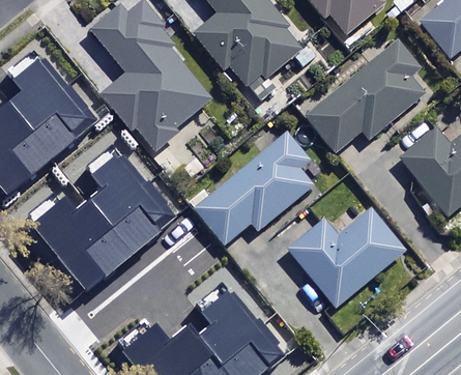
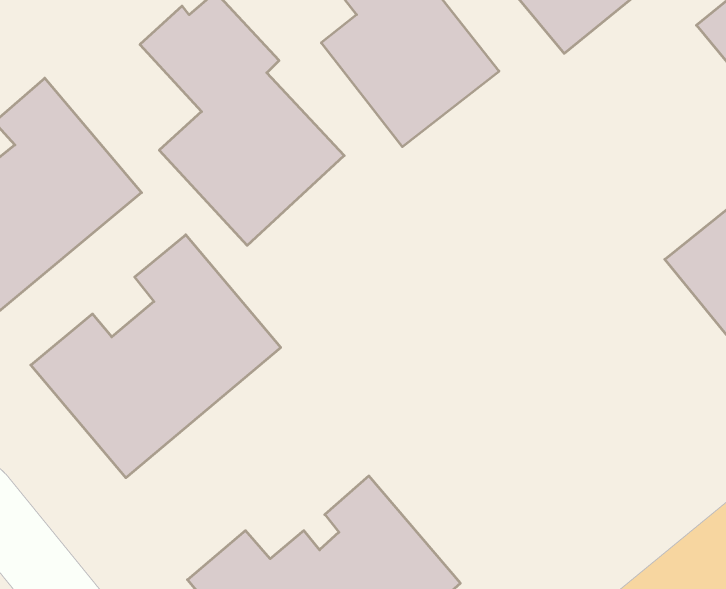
building: [308,44,425,151] -> none
building: [196,133,323,247] -> none
building: [286,209,406,308] -> none

